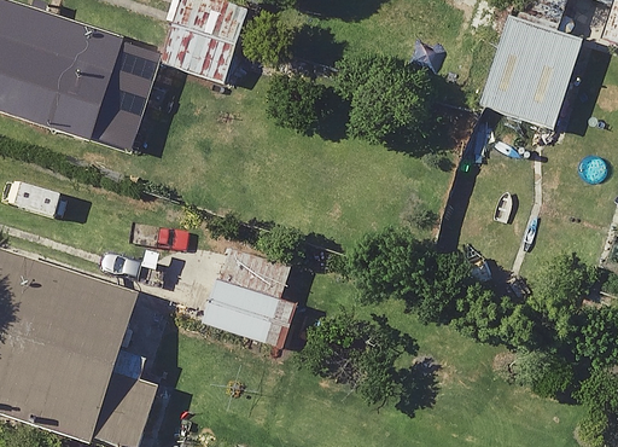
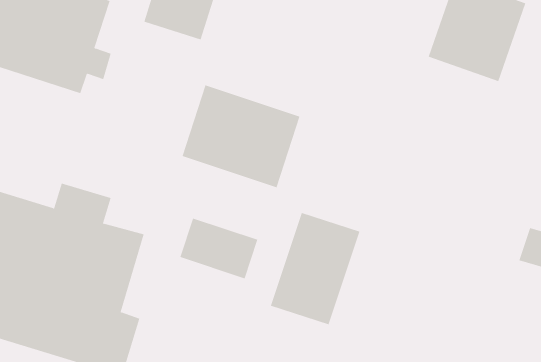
building: none -> [182,85,300,188]
building: none -> [270,212,360,325]

